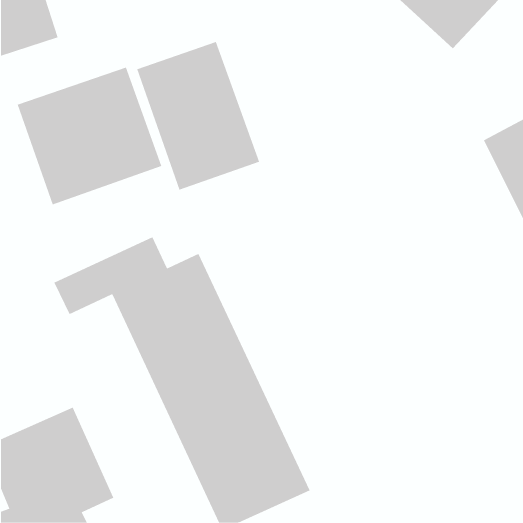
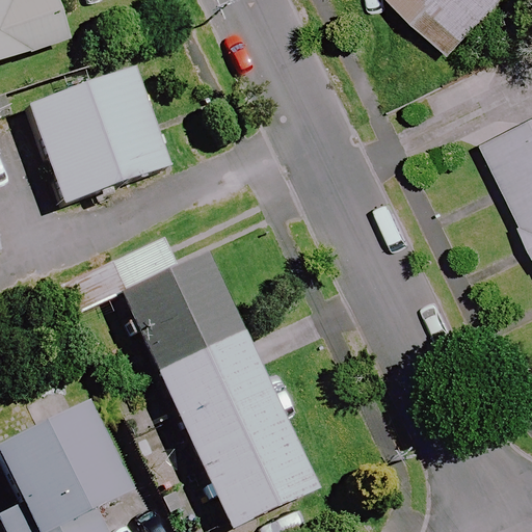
building: [136,41,260,190] -> none

